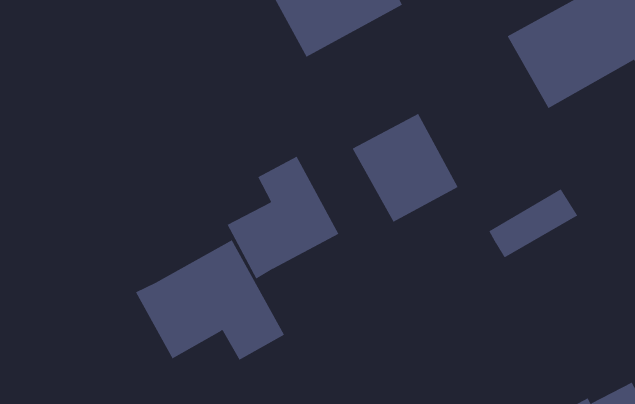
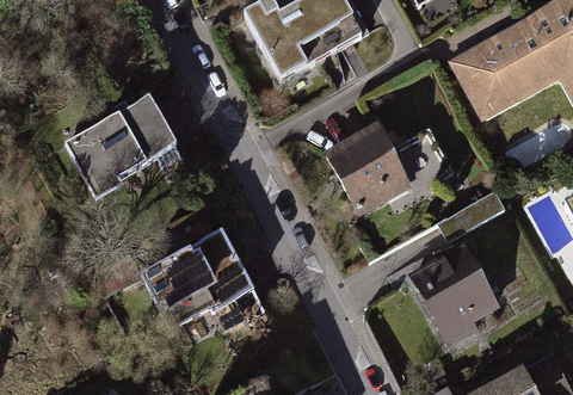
building: none -> [64,97,175,200]
building: [227,156,339,279] -> none
building: none -> [412,248,501,340]

